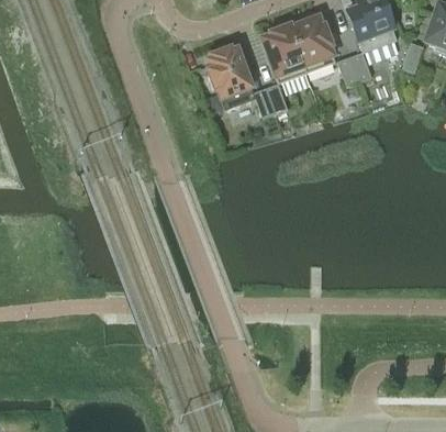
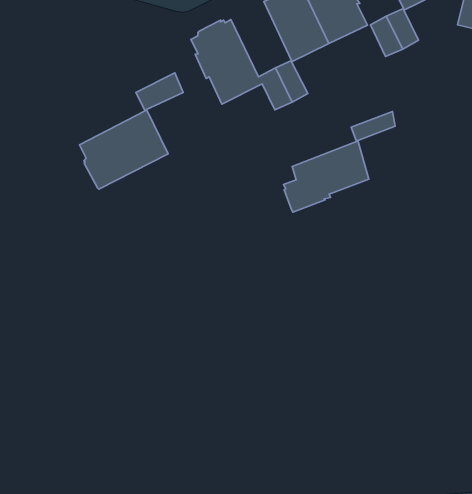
building: none -> [79,73,183,189]
building: none -> [284,112,395,212]

